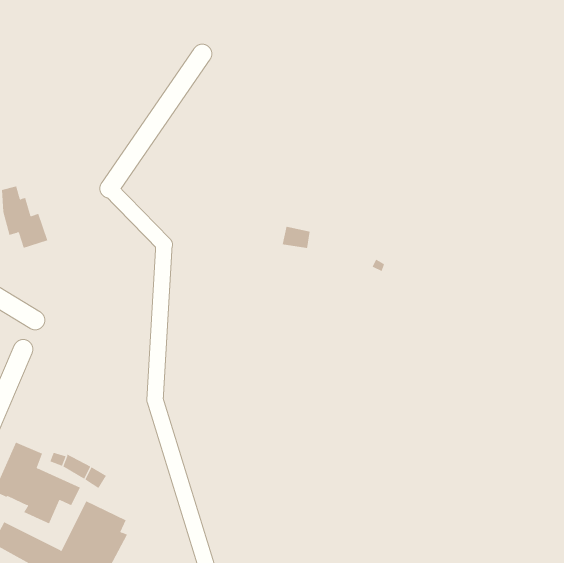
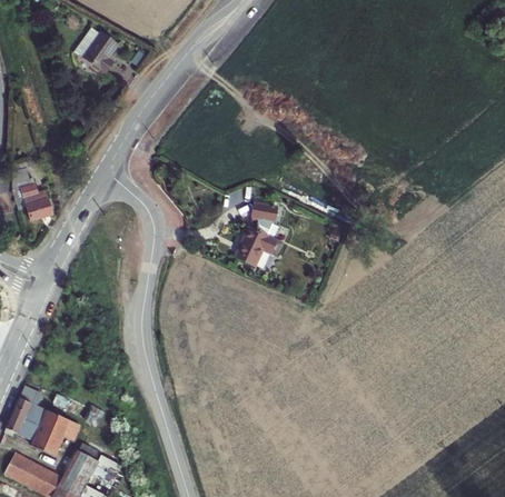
building: none -> [82,28,119,71]
building: none -> [235,227,280,266]

